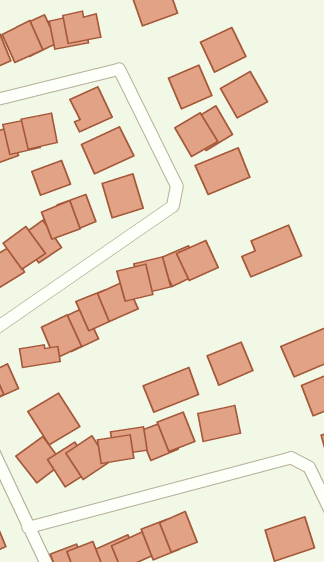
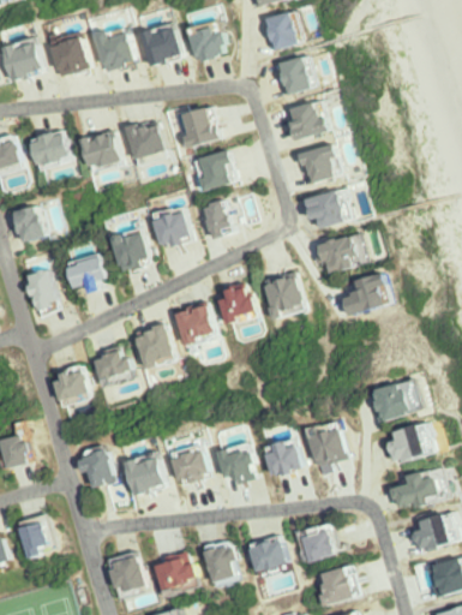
building: [200,28,246,72] -> [274,54,317,96]
building: [221,72,268,118] -> none
building: [32,161,70,195] -> none
building: none -> [316,232,370,271]
building: [207,342,253,385] -> [304,426,347,466]
building: [143,368,199,412] -> none
building: [28,393,80,445] -> none
building: none -> [296,524,342,565]
building: none -> [247,536,287,569]

